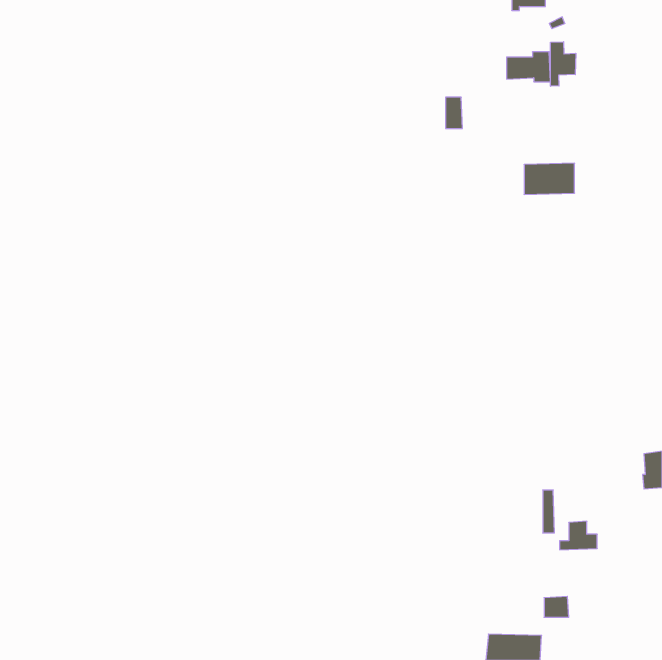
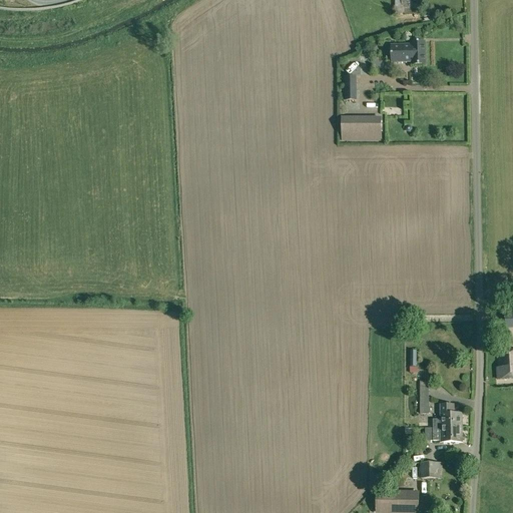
building: [551,42,576,86] -> none
building: [524,163,575,194] -> [342,116,381,140]
building: none -> [433,424,463,441]

